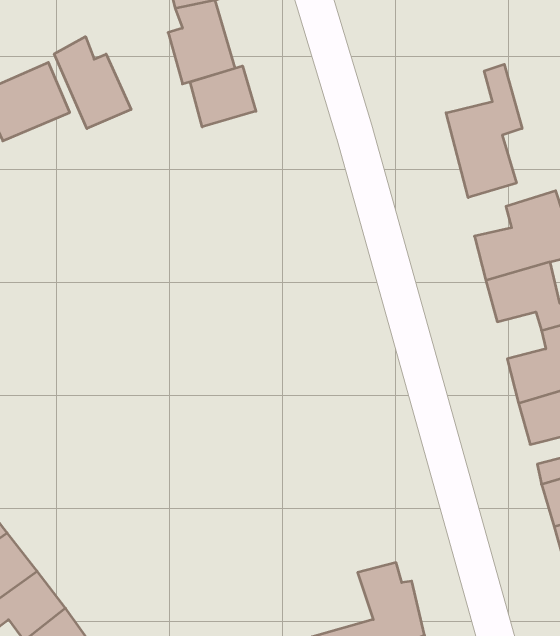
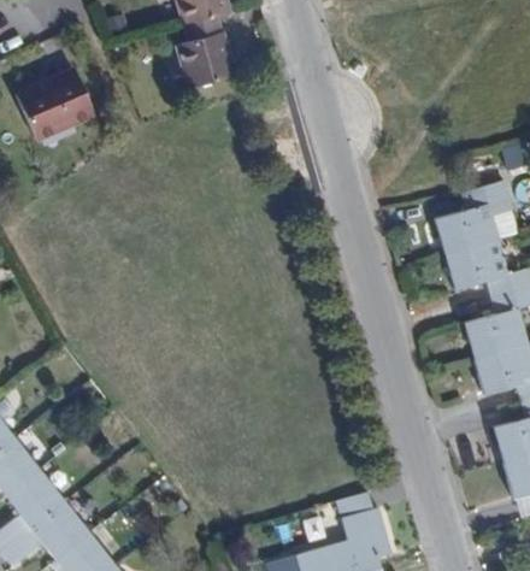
building: [54,37,131,129] -> none
building: [446,64,522,198] -> none
building: [190,66,256,127] -> none

